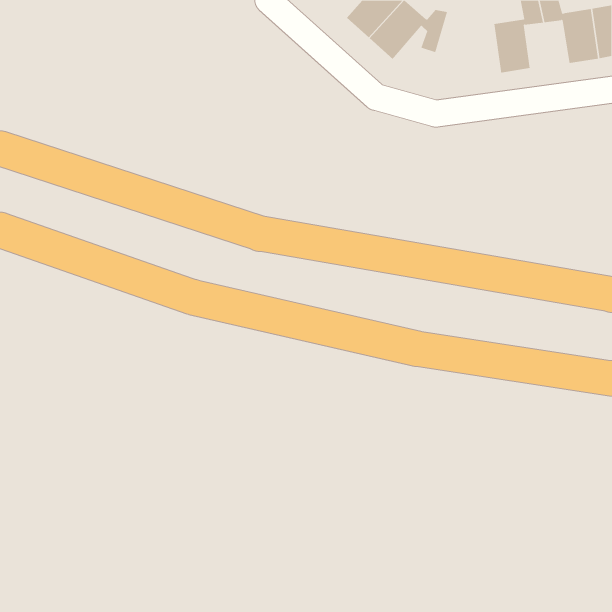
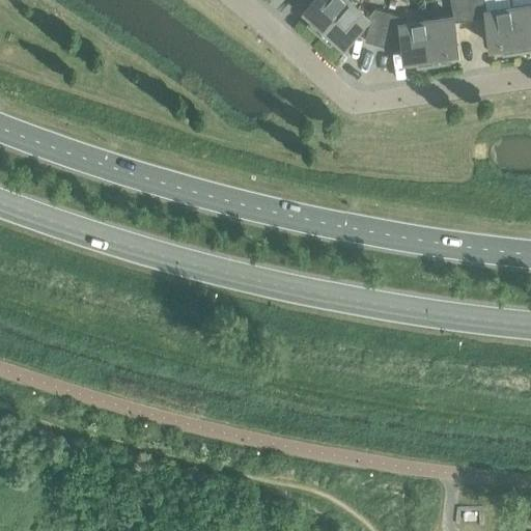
building: none -> [378,10,434,67]

